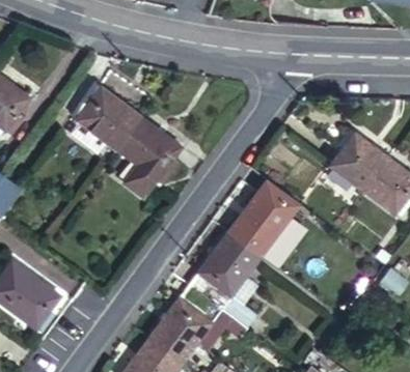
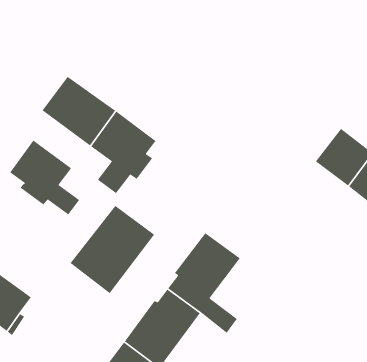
building: none -> [9,139,80,215]
building: [226,179,300,257] -> none
building: none -> [69,205,155,294]

